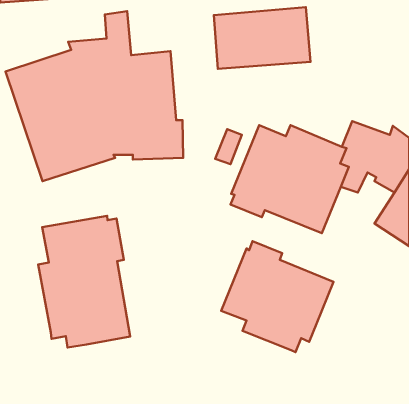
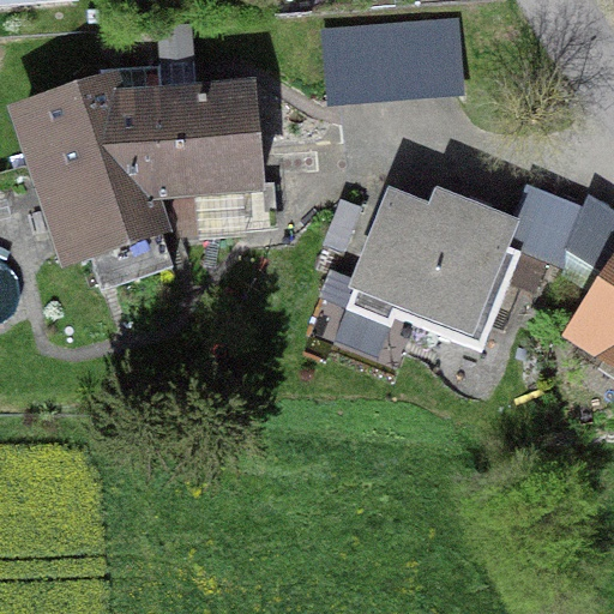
building: [38,216,130,348] -> none
building: [221,241,333,352] -> none

